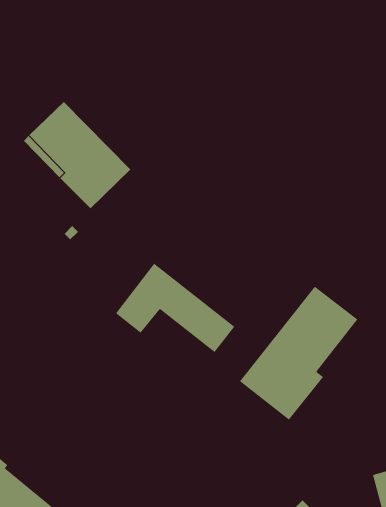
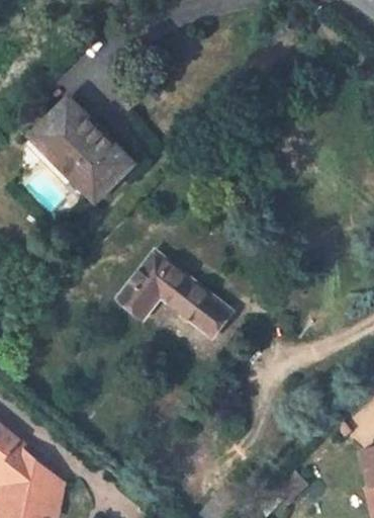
building: [239,286,358,420] -> none

